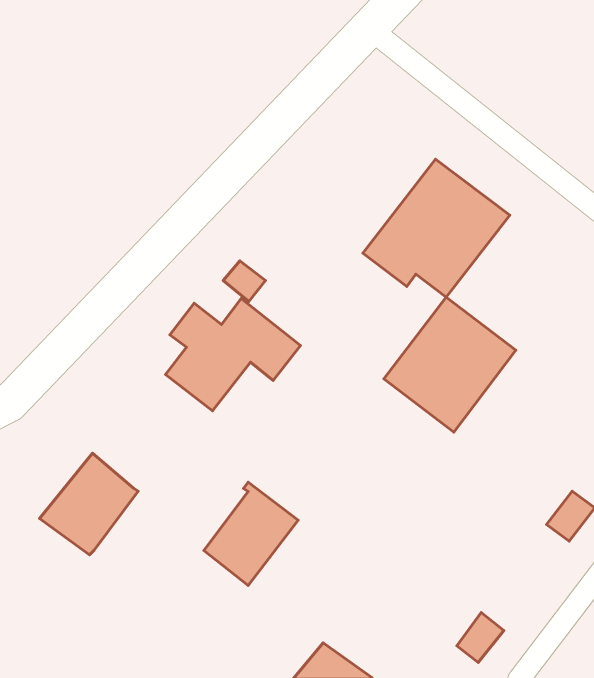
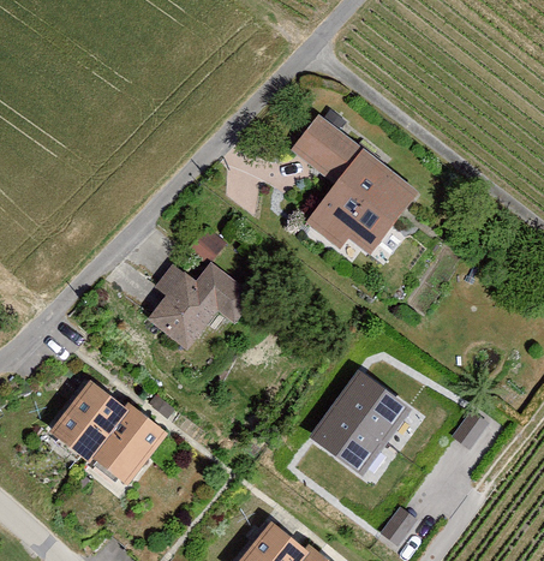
building: none -> [289,114,363,185]
building: [384,297,516,432] -> [307,370,412,477]
building: [204,482,298,585] -> [92,404,167,485]

